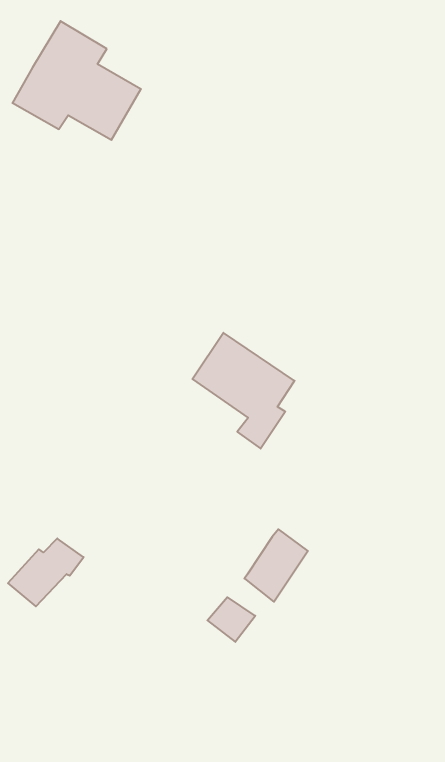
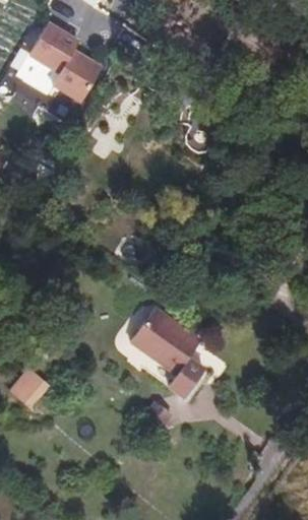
building: [192,333,295,449] -> [126,308,193,384]

